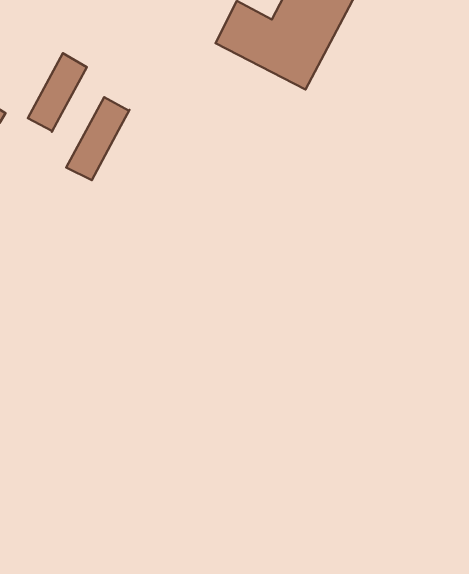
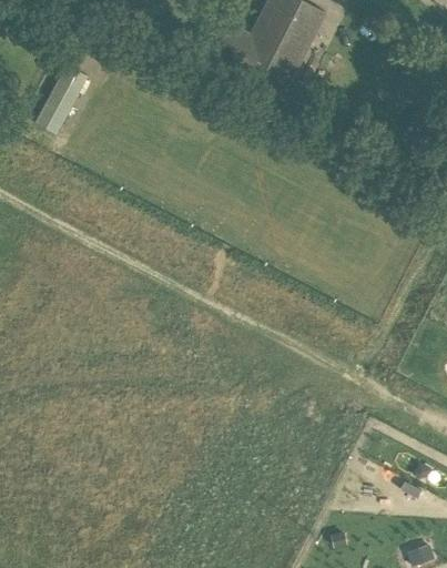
building: [66,97,130,180] -> none

